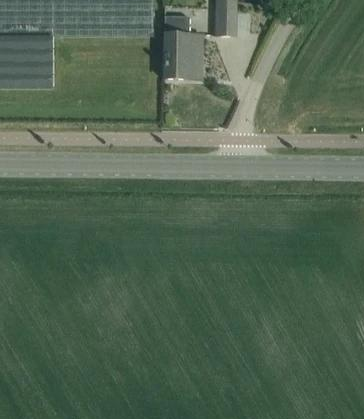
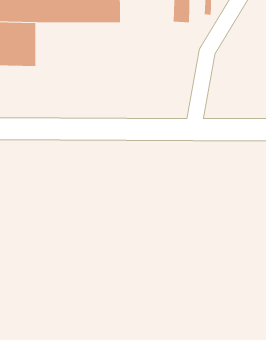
building: [164,14,201,77] -> none

